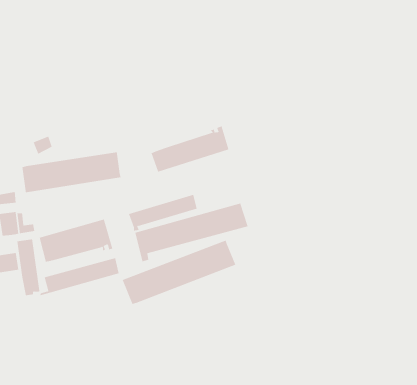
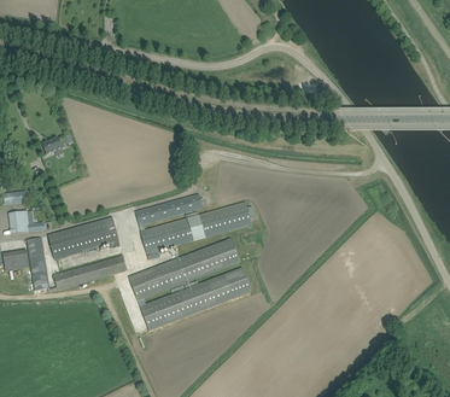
building: [151,126,229,172] -> none
building: [22,152,121,193] -> none
building: none -> [140,265,251,329]

